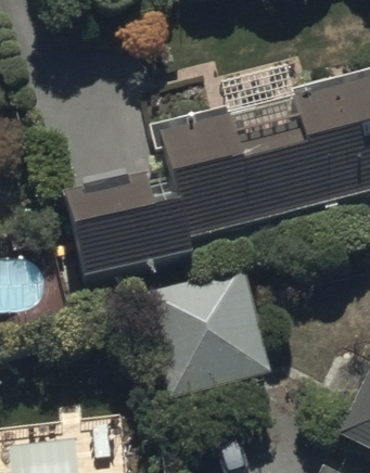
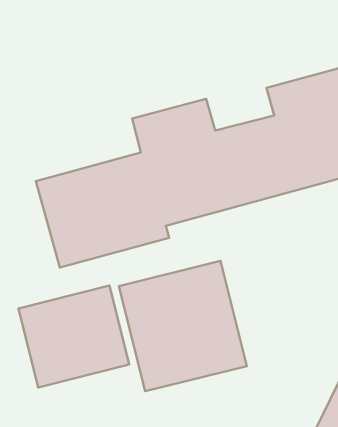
building: none -> [18,285,129,388]

